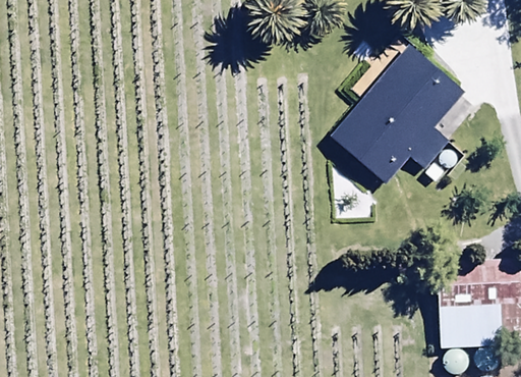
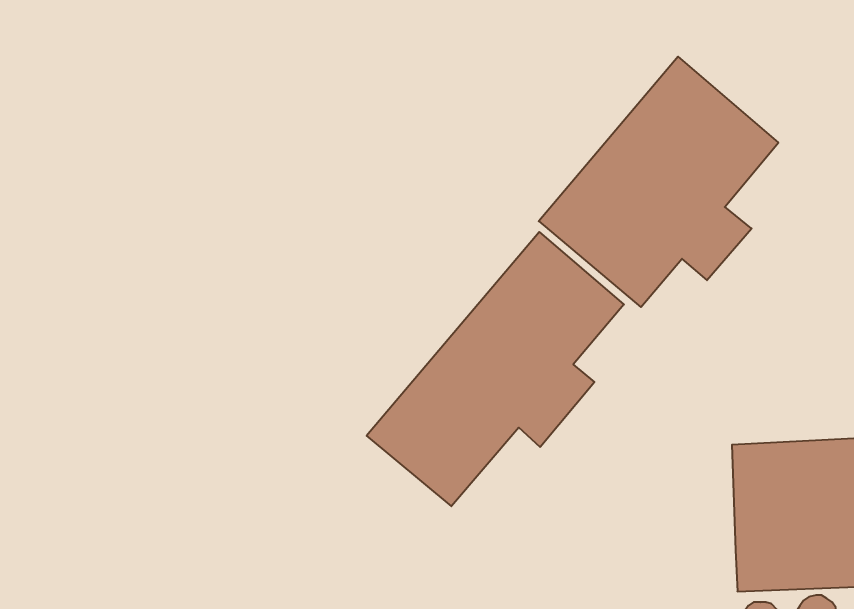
building: none -> [367,232,624,506]

